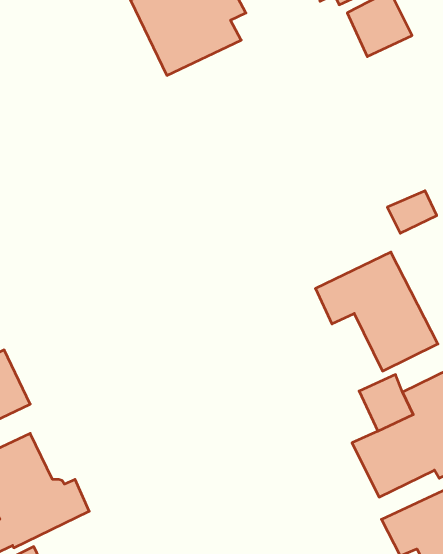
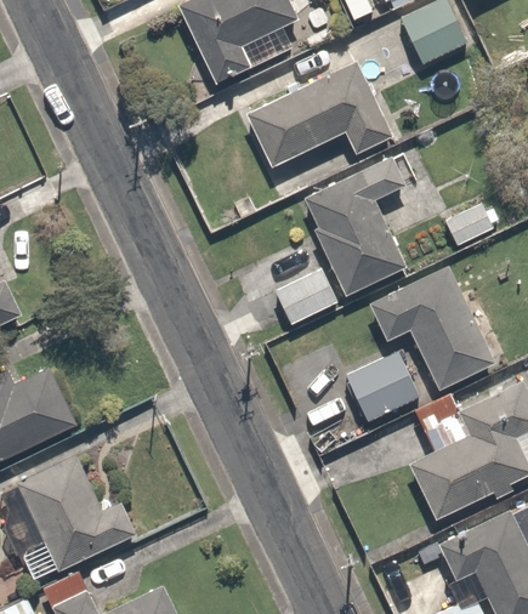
building: none -> [246,62,393,169]
building: none -> [302,157,407,295]
building: none -> [274,269,339,325]
building: none -> [346,352,421,422]

